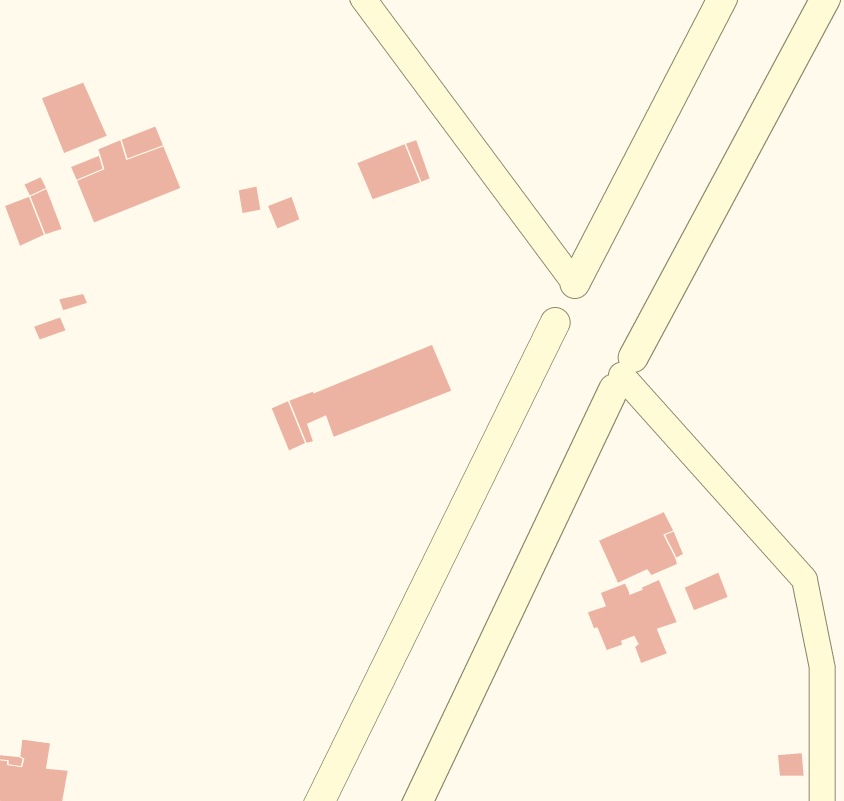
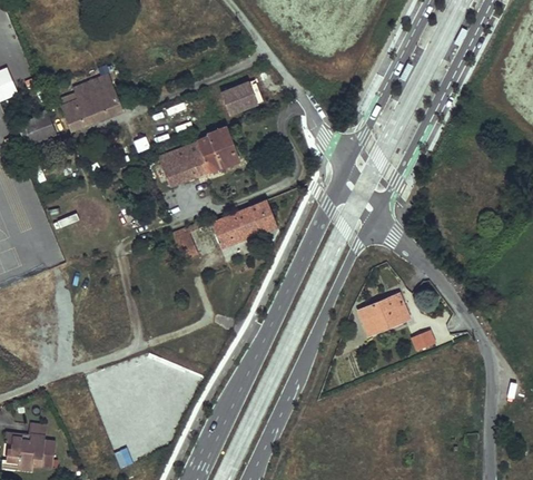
building: [41,82,107,154] -> none
building: none -> [160,128,237,183]
building: [587,579,677,664] -> none

